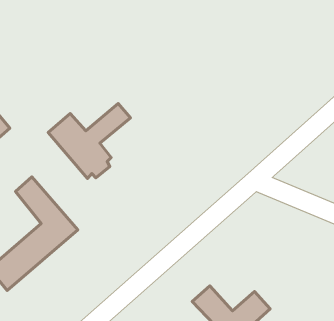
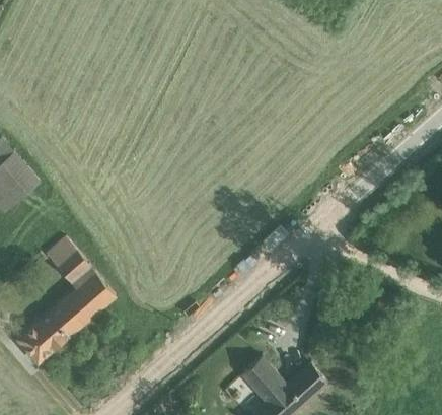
building: [48,104,131,179] -> none

